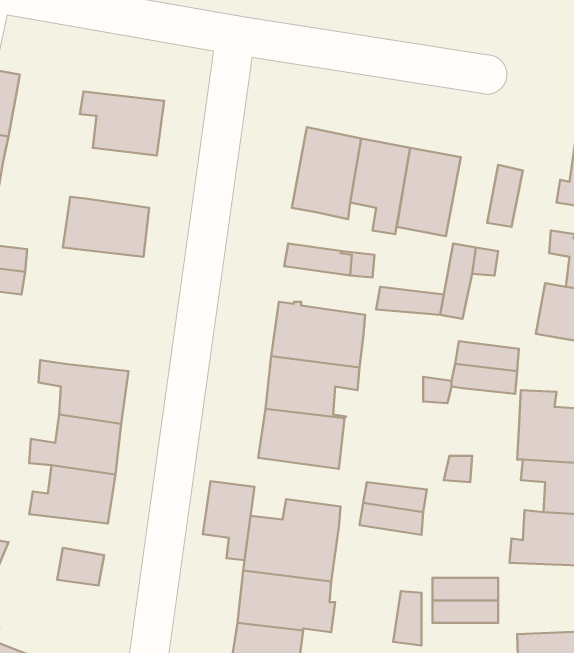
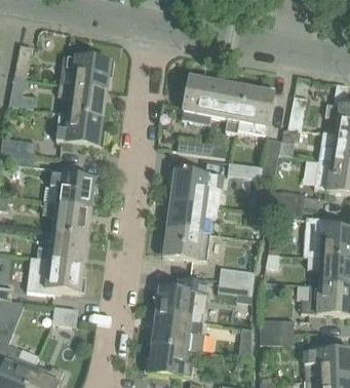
building: none -> [57,80,107,117]
building: none -> [42,171,95,206]
building: [203,481,255,560] -> none

